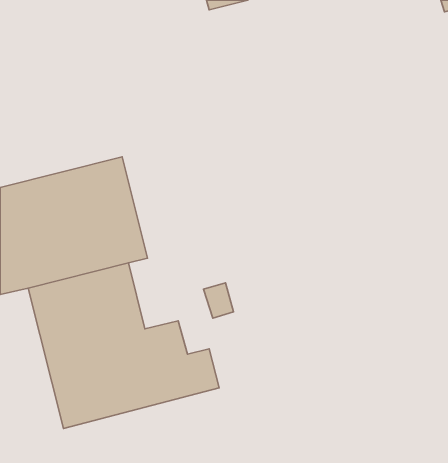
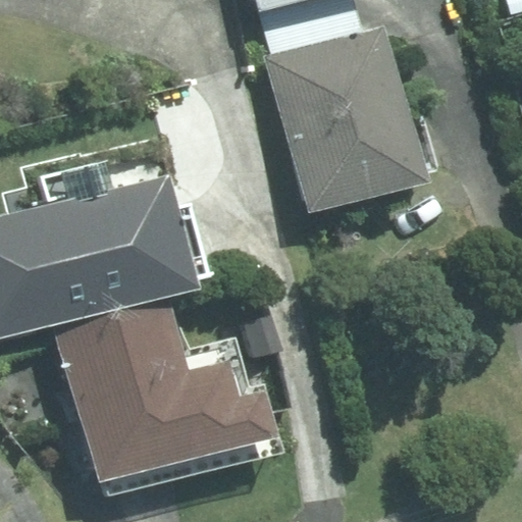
building: none -> [265,29,419,211]

